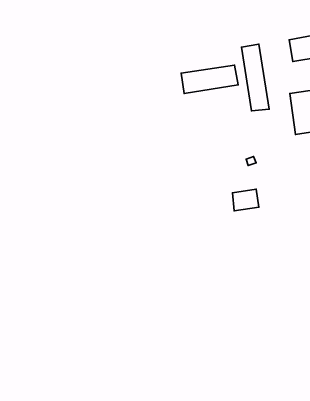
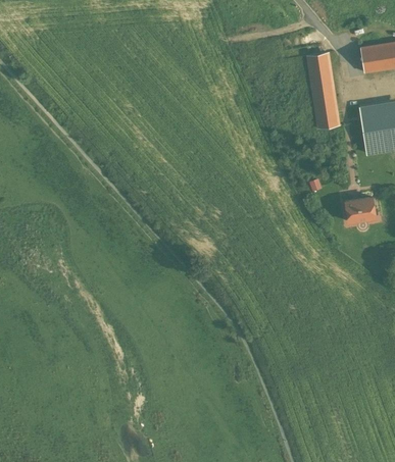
building: [181,65,238,93] -> none
building: [232,189,259,211] -> [344,198,374,222]

